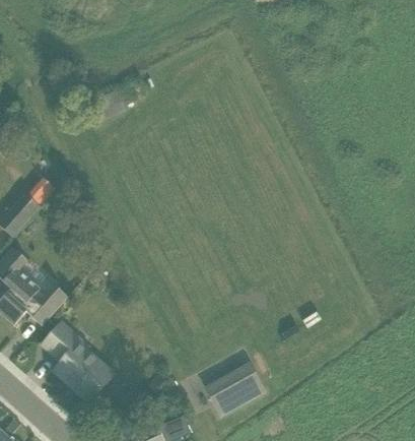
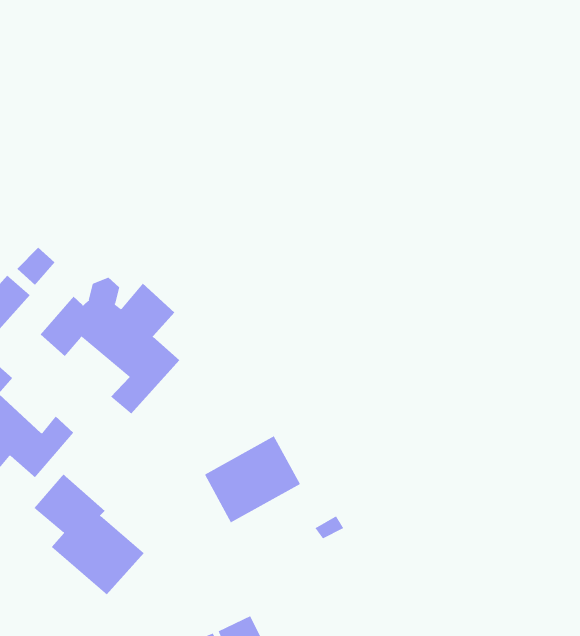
building: none -> [40,277,180,414]
building: [204,361,267,418] -> [204,436,301,523]

